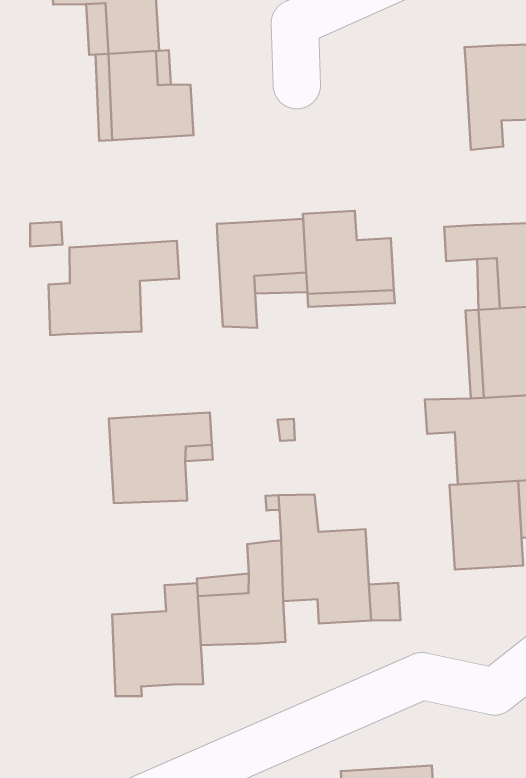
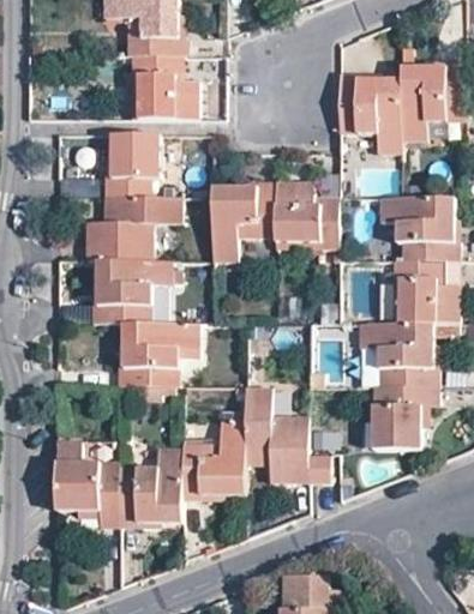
building: none -> [338,72,401,154]
building: none -> [109,133,161,195]
building: none -> [96,259,172,323]
building: none -> [55,460,118,526]

